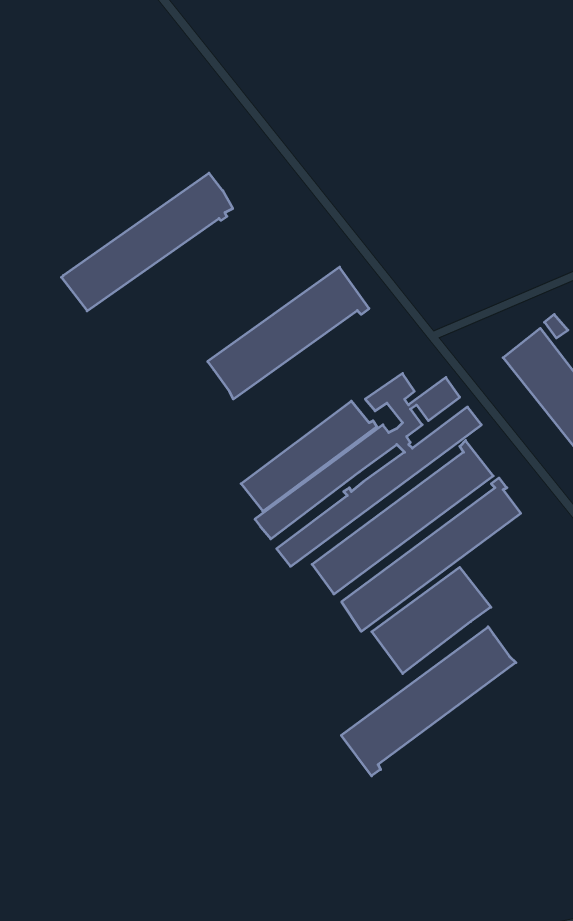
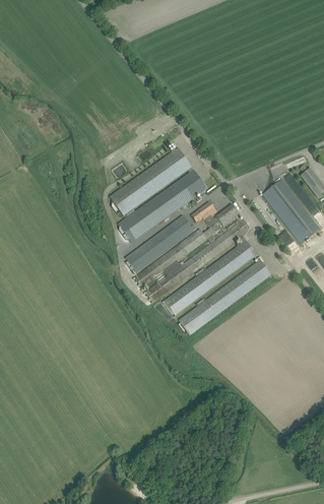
building: [61,173,233,311] -> [118,170,206,241]
building: [372,567,491,674] -> none
building: [341,627,516,776] -> none

